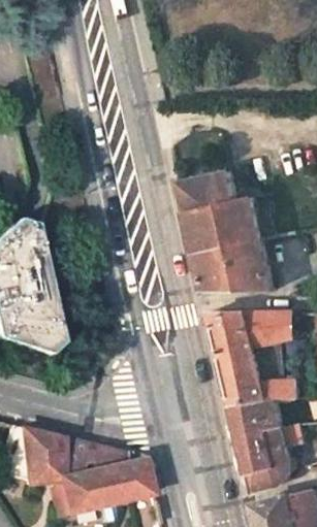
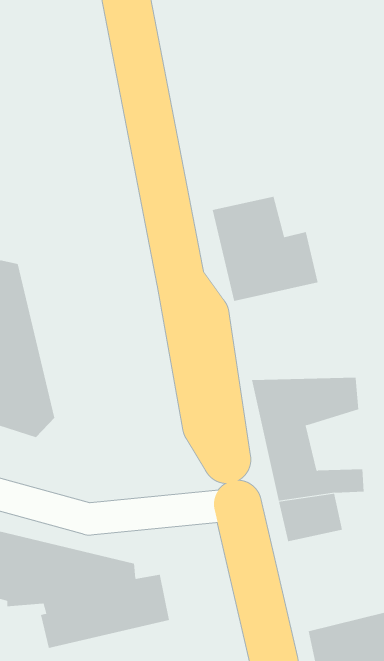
building: [197,231,299,290] -> none
building: [239,424,300,492] -> none

